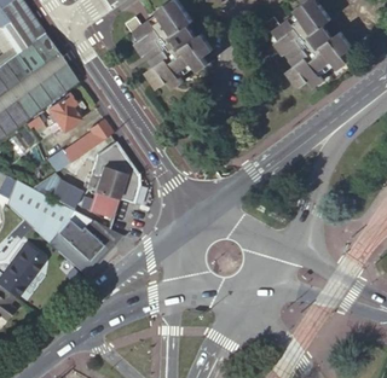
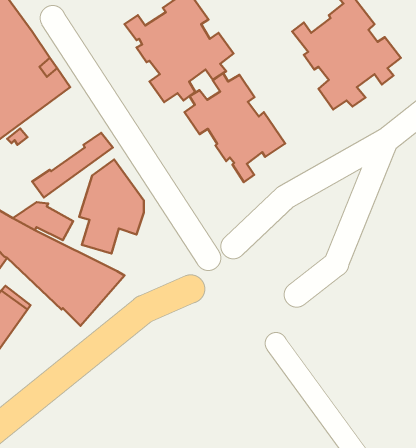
building: none -> [185,73,285,182]
building: [47,92,85,129] -> none

